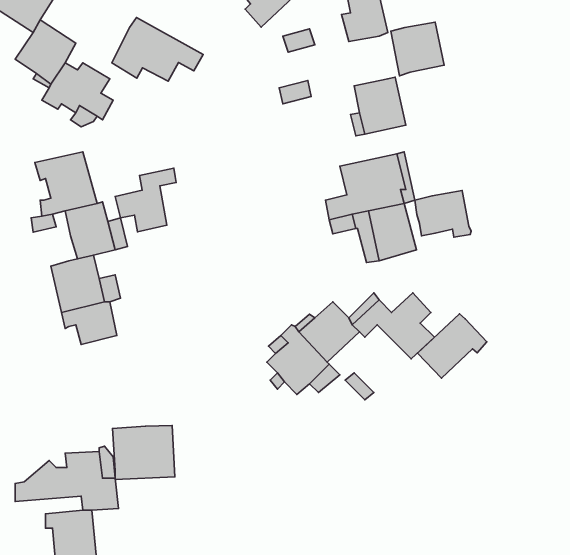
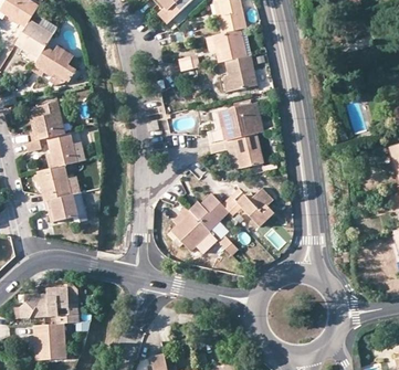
building: [112,18,203,81] -> none
building: [391,22,444,76] -> [212,29,245,62]
building: [115,168,176,232] -> none
building: [415,191,471,237] -> none
building: [417,314,487,378] -> none
building: [113,426,175,480] -> none

